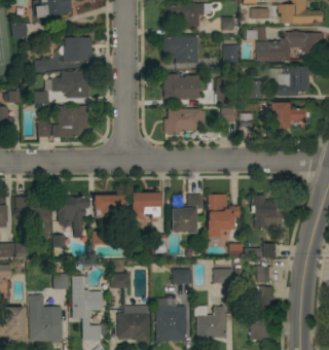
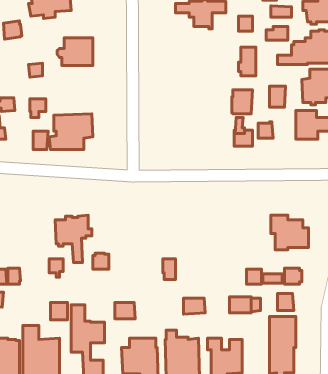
building: [163,37,198,64] -> none
building: [54,72,93,98] -> none
building: [164,74,199,99] -> none
building: [163,109,206,134] -> none
building: [131,192,160,221] -> none
building: [172,195,203,234] -> none
building: [208,195,241,237] -> none
building: [93,196,126,219] -> none
building: [14,197,50,232] -> none

